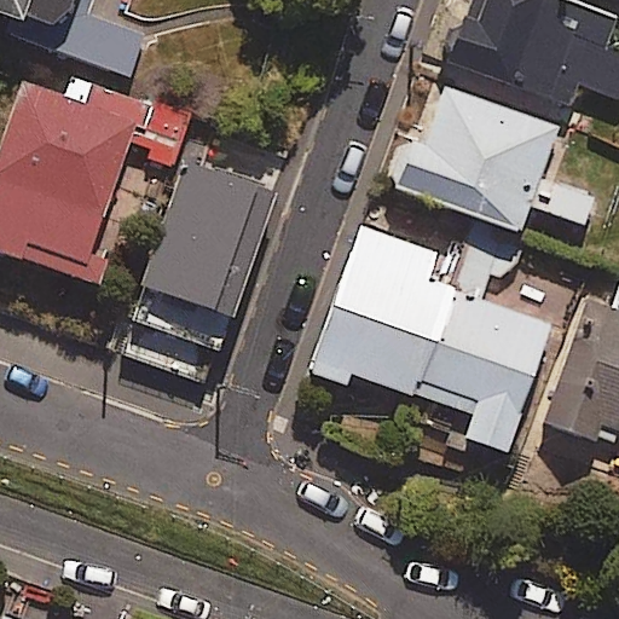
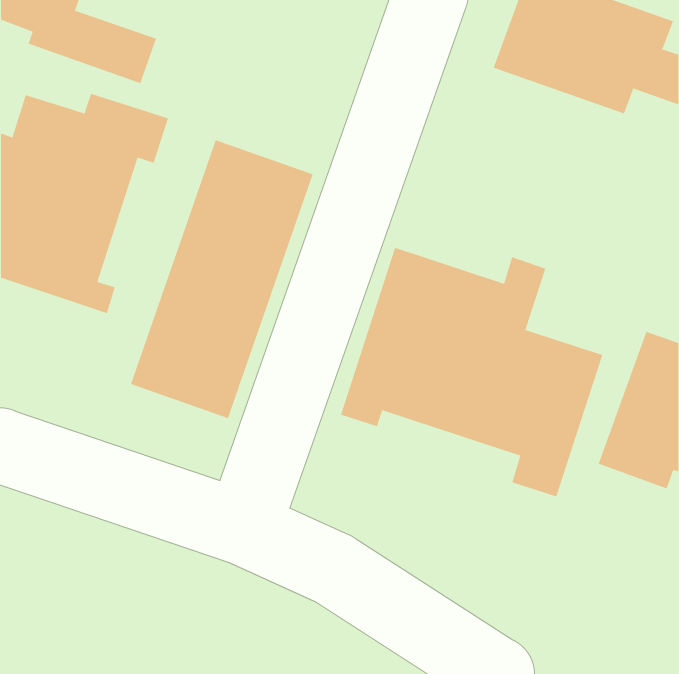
building: [392,80,595,237] -> none

